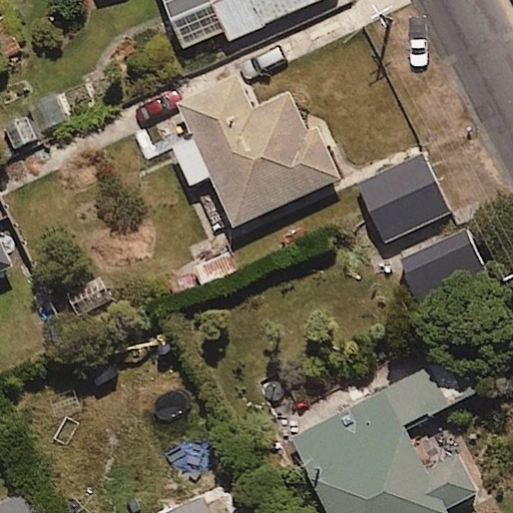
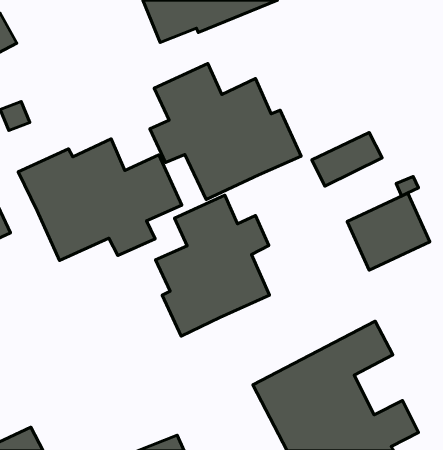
building: none -> [18,139,182,260]
building: none -> [156,195,270,336]

